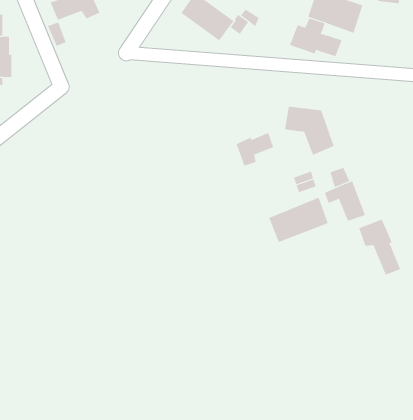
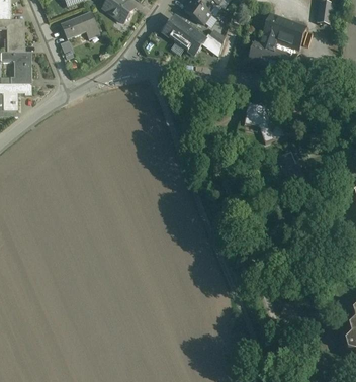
building: [236,132,274,167] -> none
building: [269,197,329,243] -> none
building: [358,219,401,275] -> none

